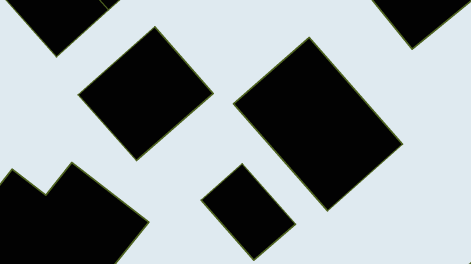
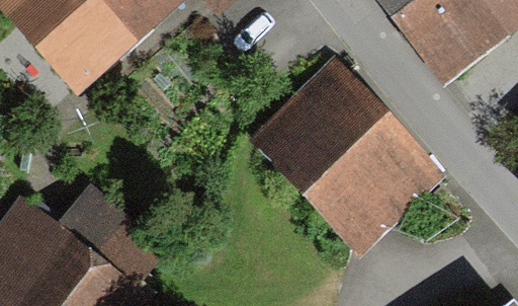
building: [78,27,213,161] -> none
building: [201,164,295,260] -> none

